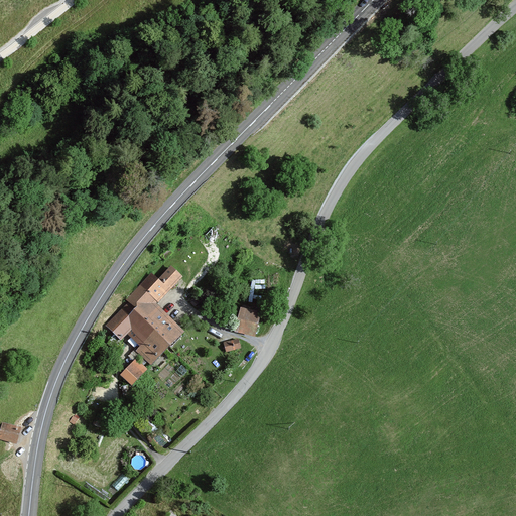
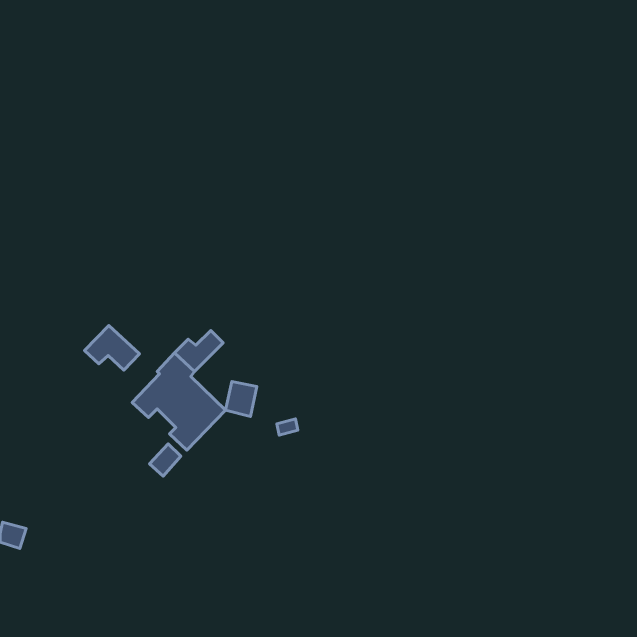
building: none -> [84,325,139,370]
building: [235,307,260,336] -> [226,381,257,416]

